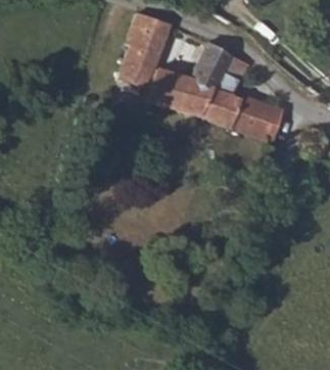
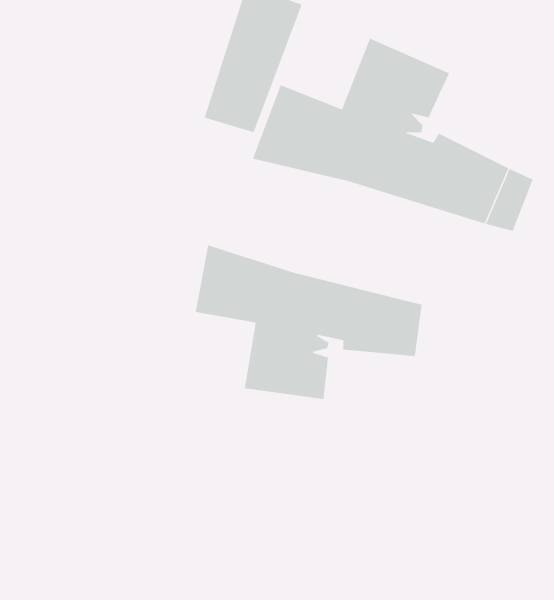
building: none -> [195,244,422,400]

